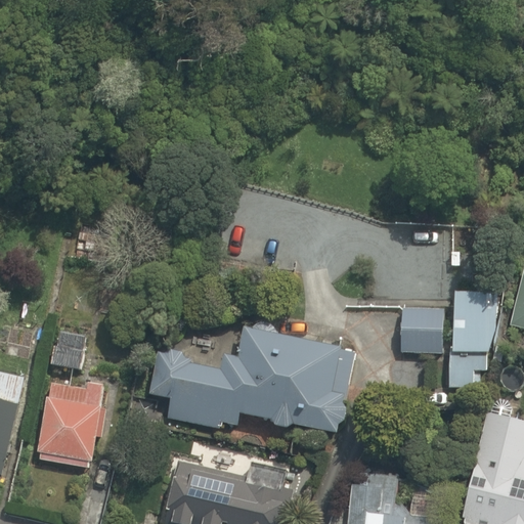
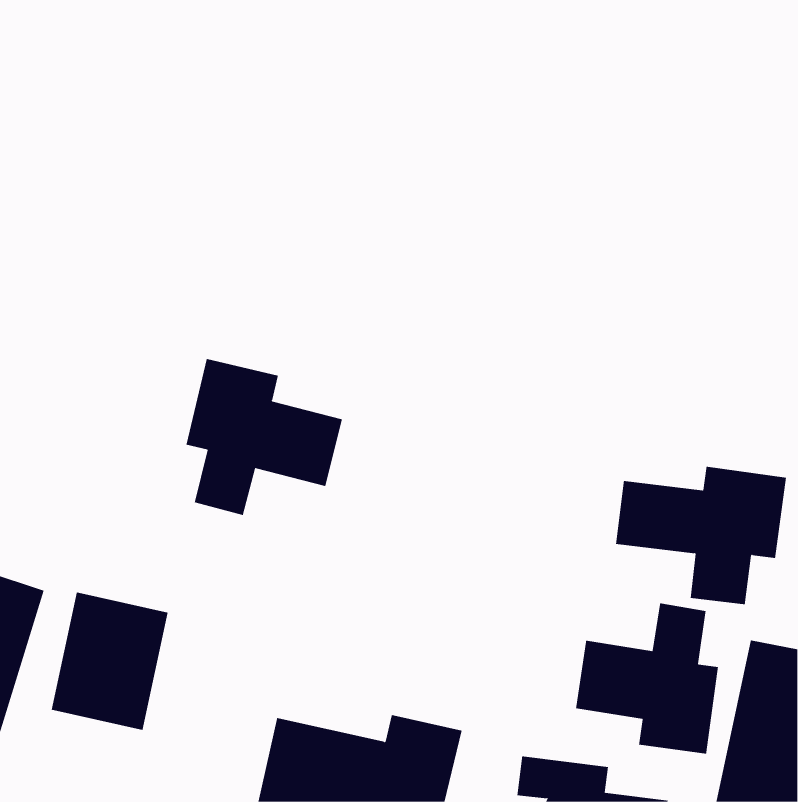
building: none -> [186,358,342,516]
building: [154,325,364,439] -> none
building: none -> [576,603,719,755]

